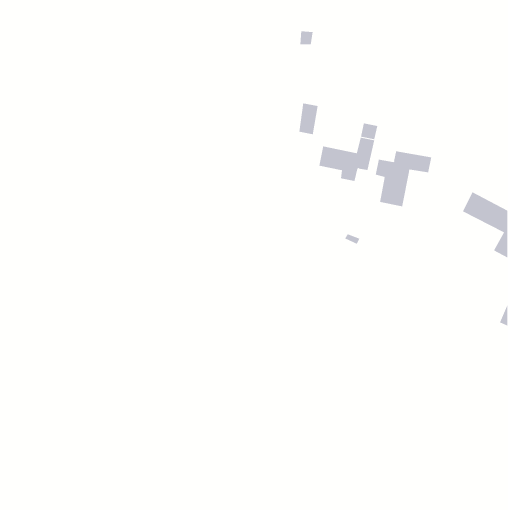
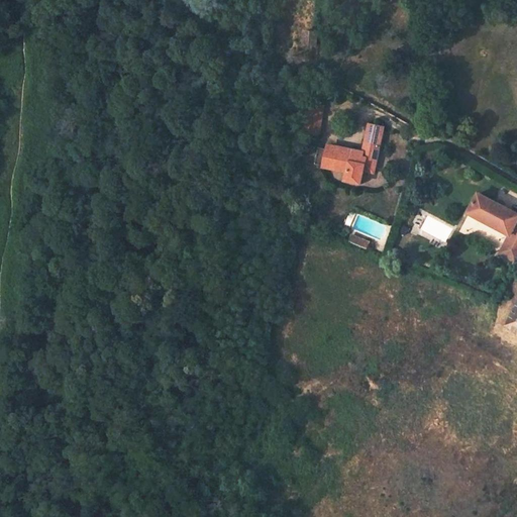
building: [375,151,432,207] -> none

